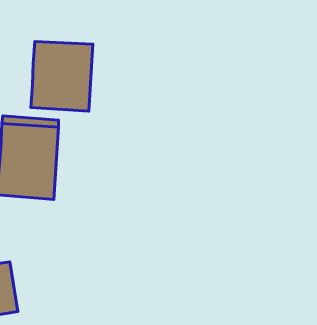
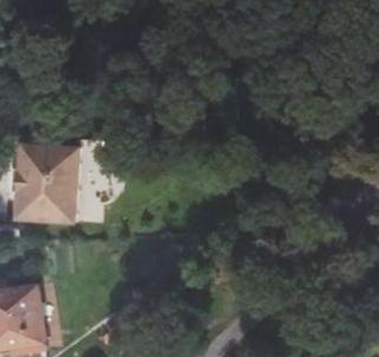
building: [31,41,93,111] -> none

